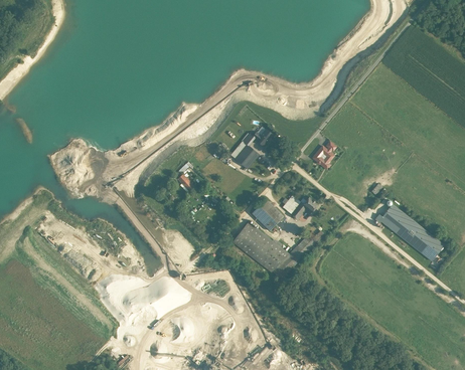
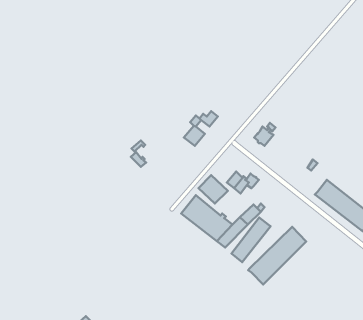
building: none -> [231,218,271,262]
building: none -> [248,227,306,284]

